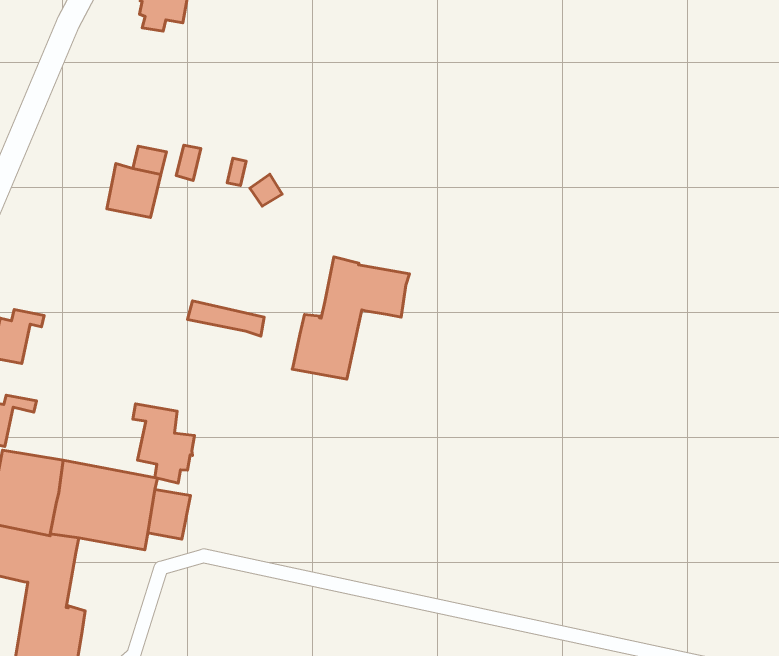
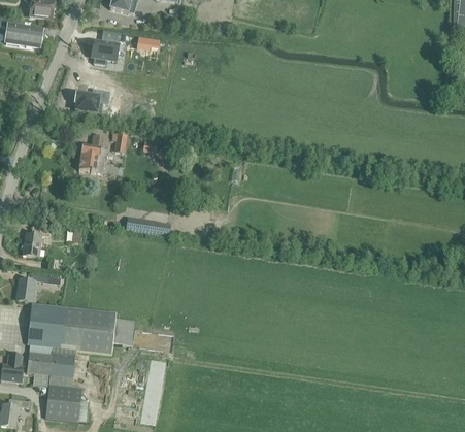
building: none -> [73,90,109,113]
building: [292,257,410,379] -> none
building: [133,404,195,483] -> none

